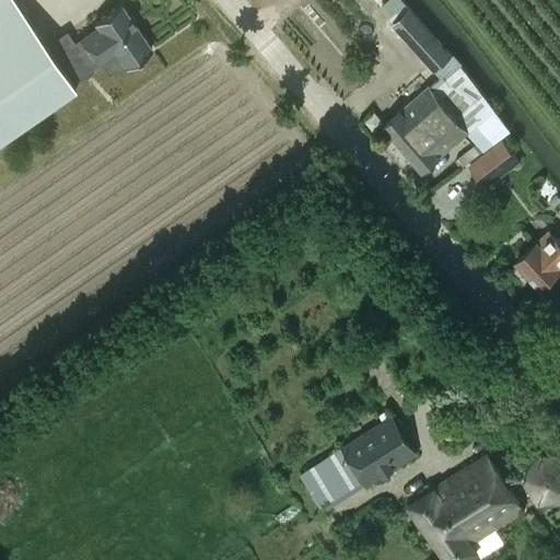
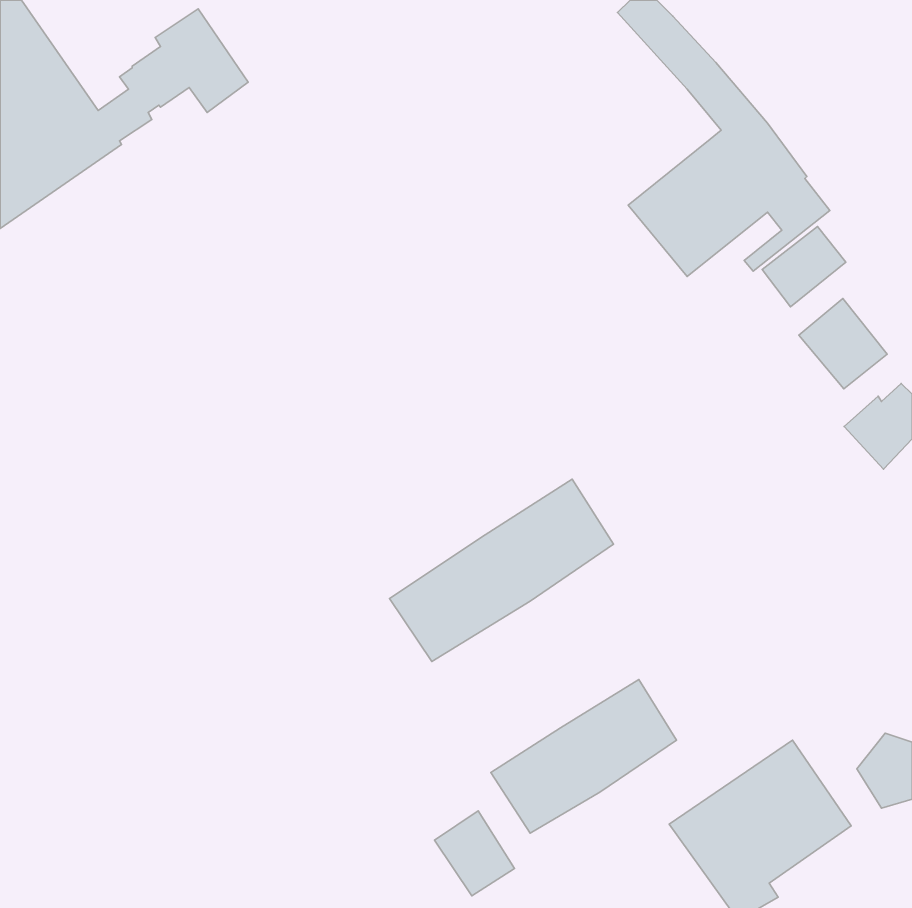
building: none -> [799,298,887,389]
building: none -> [390,479,613,662]
building: none -> [435,811,515,896]

